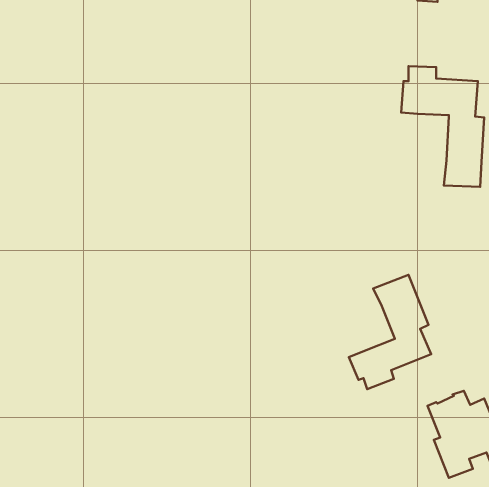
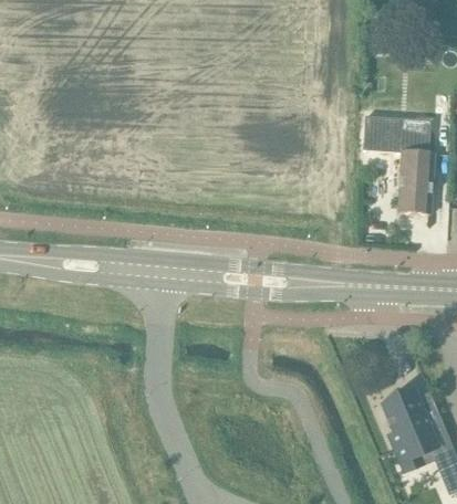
building: [349,275,431,389] -> none

